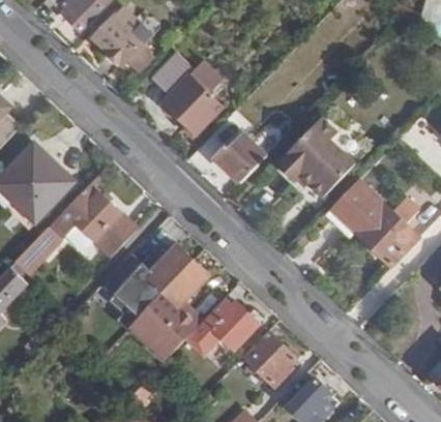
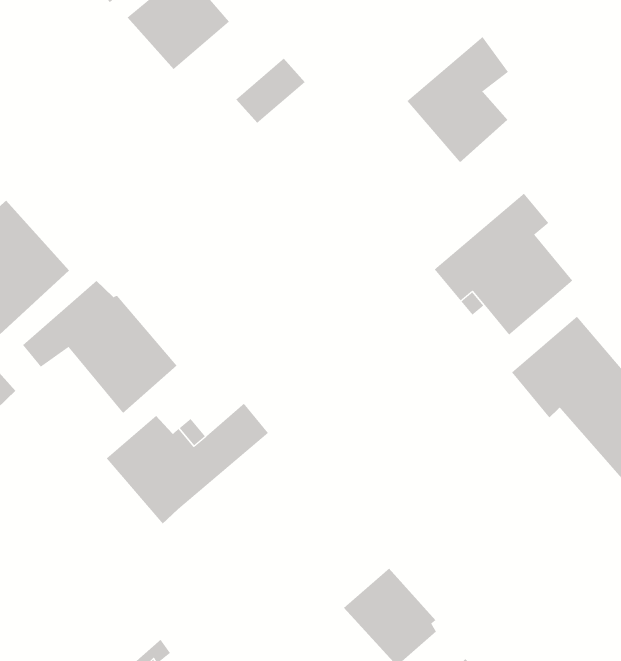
building: [164,61,222,133] -> [406,36,509,163]
building: [214,131,267,184] -> none
building: [129,262,207,360] -> none
building: [204,298,259,348] -> none

